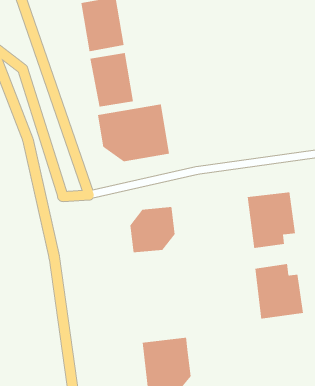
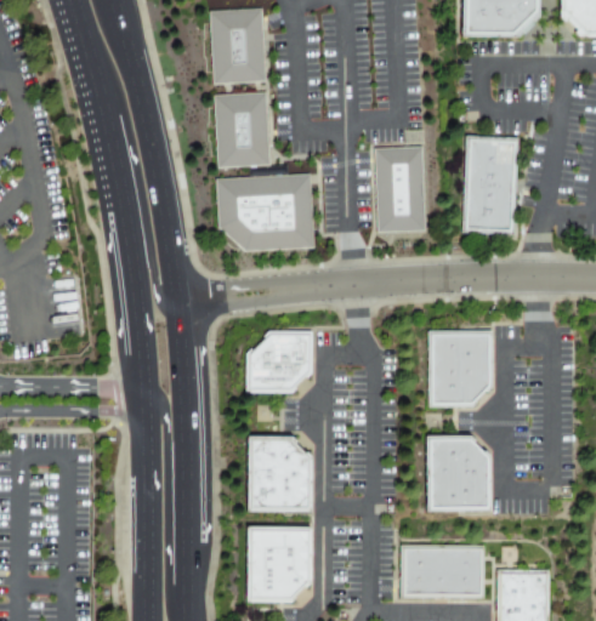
building: none -> [464,137,517,232]
building: none -> [373,146,422,230]
building: none -> [246,434,312,511]
building: none -> [399,542,487,598]

